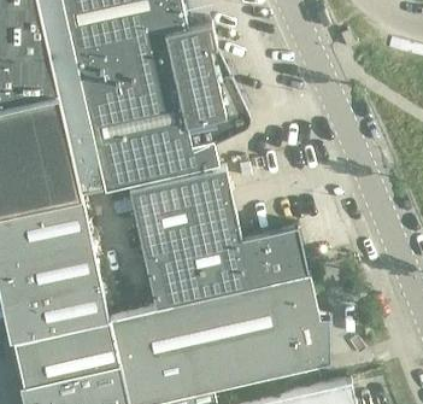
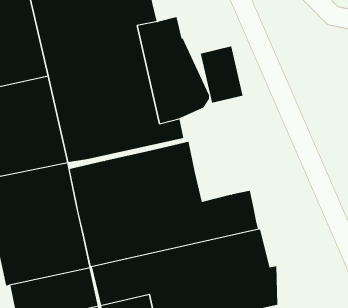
building: none -> [200,46,243,104]

